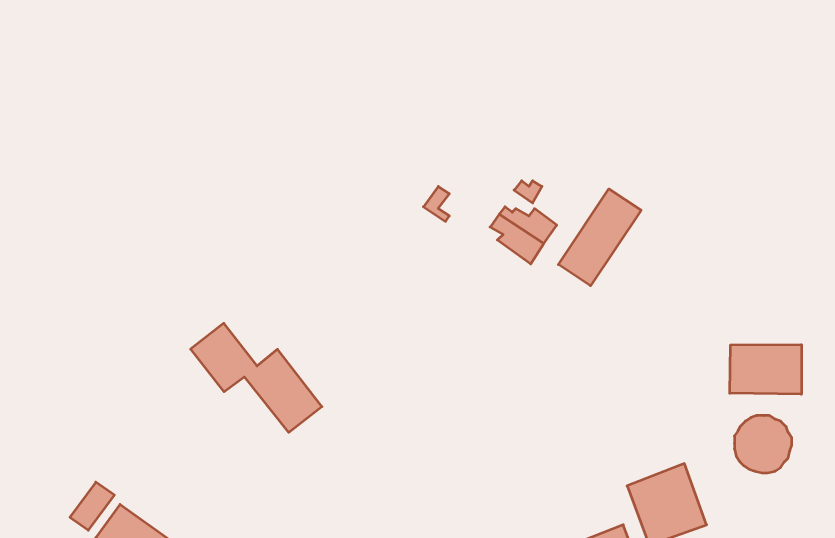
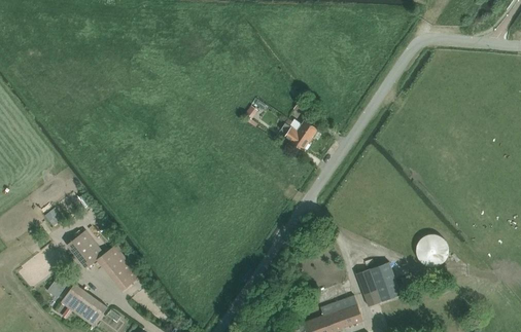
building: [558,189,641,286] -> none
building: [191,323,322,432] -> [67,230,140,291]
building: [730,345,801,394] -> none

